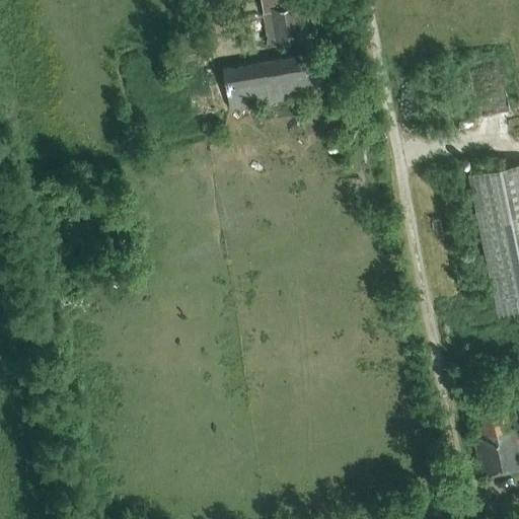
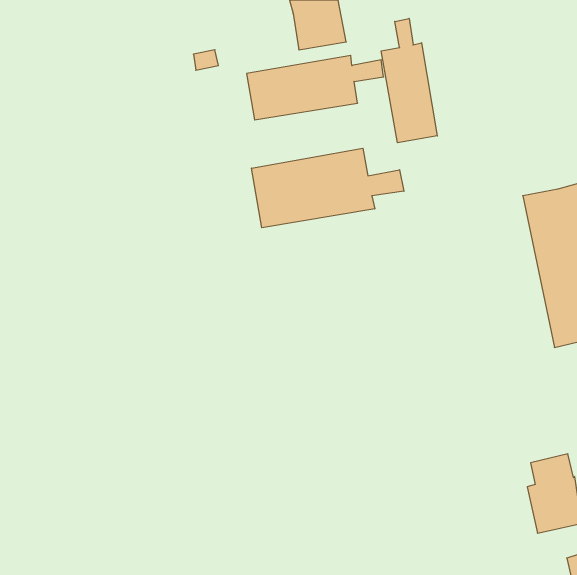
building: none -> [381,18,437,143]
building: none -> [252,148,404,228]

